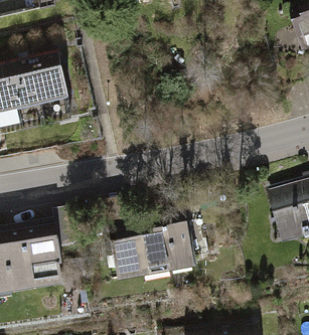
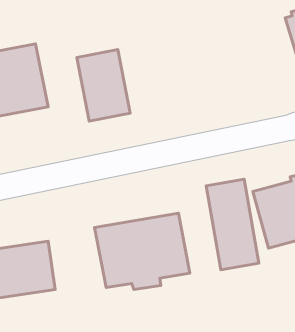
building: none -> [77,49,130,121]
building: none -> [206,179,259,270]

